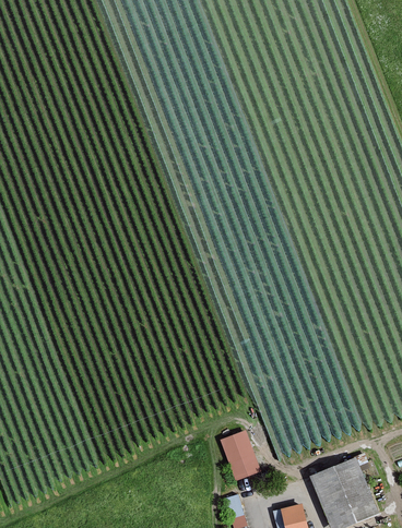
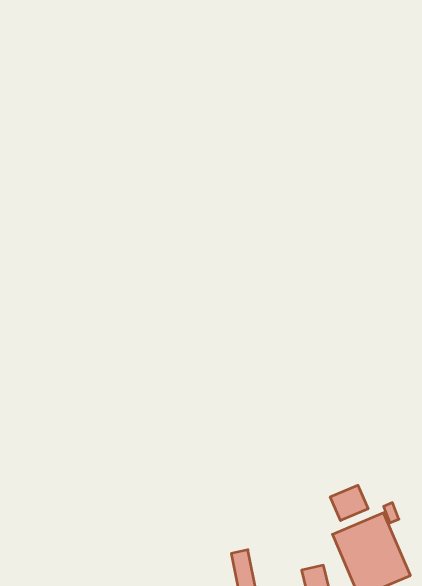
building: [221,433,258,478] -> none
building: none -> [330,485,368,521]

